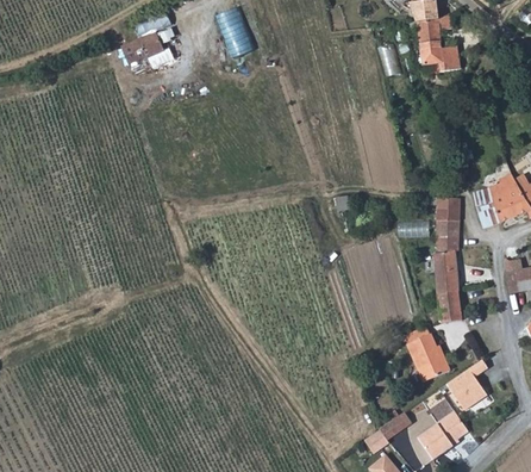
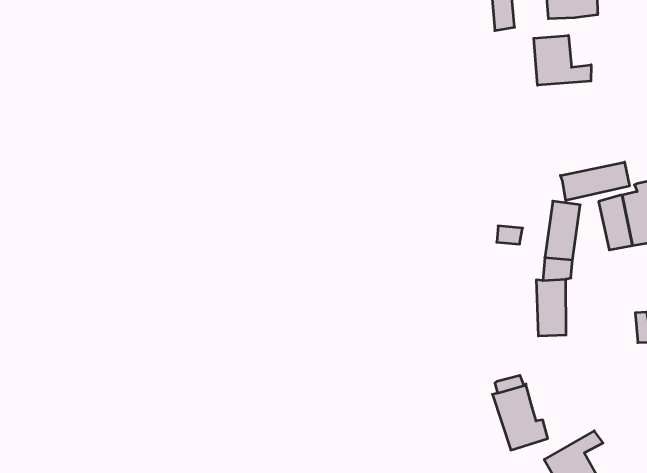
building: none -> [534,35,591,85]
building: none -> [560,162,629,201]
building: [436,292,460,321] -> none

